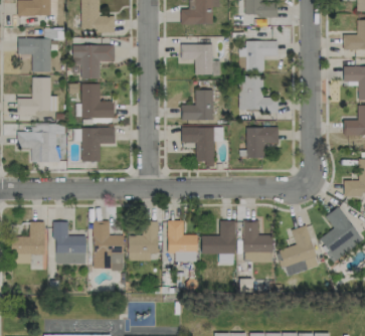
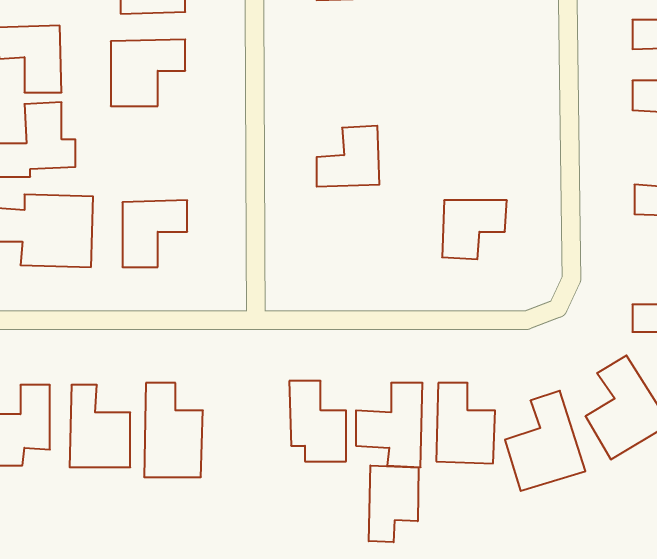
building: [238,40,278,70] -> none
building: [181,43,219,74] -> none
building: [237,75,278,111] -> none
building: [80,83,114,118] -> none
building: [181,126,213,166] -> none
building: [128,221,158,260] -> none
building: none -> [369,465,418,542]

